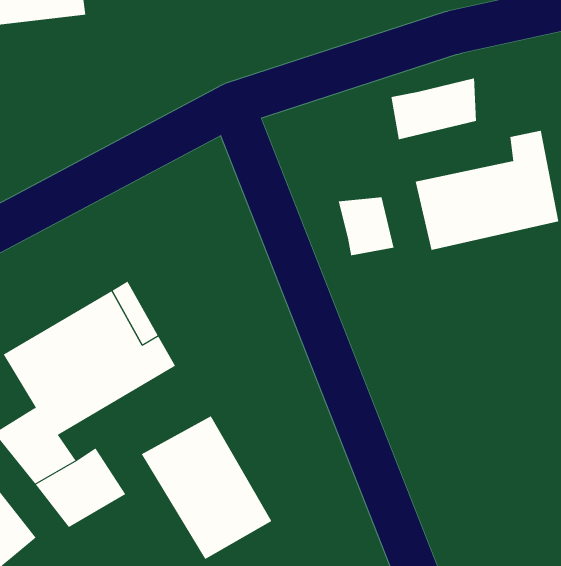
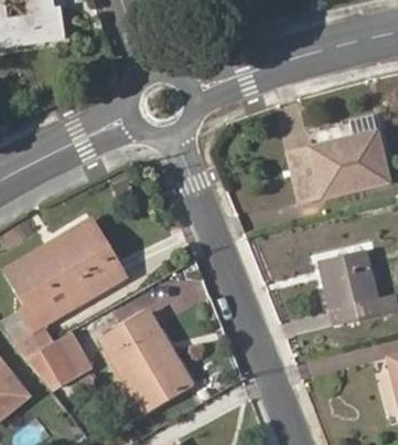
building: [391,78,477,140] -> none
building: [338,196,394,256] -> none
building: none -> [321,248,383,322]

